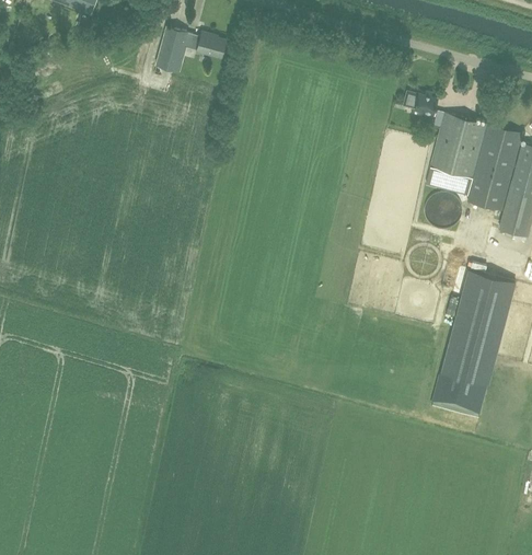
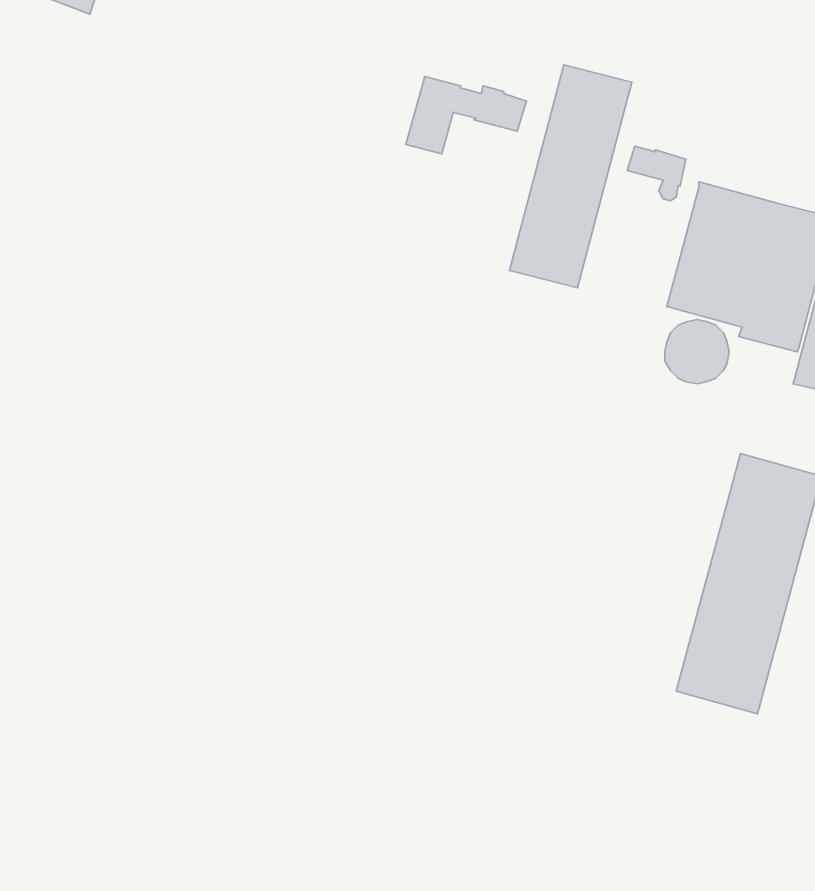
building: [157,25,227,70] -> [406,77,527,154]
building: none -> [510,65,632,288]

